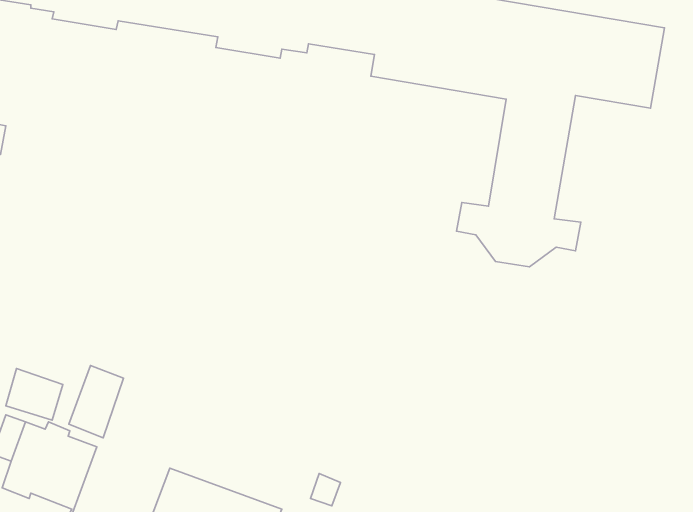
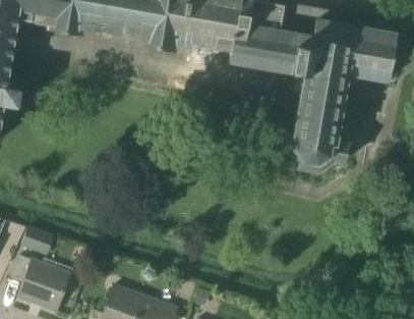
building: [69,366,124,438] -> none

